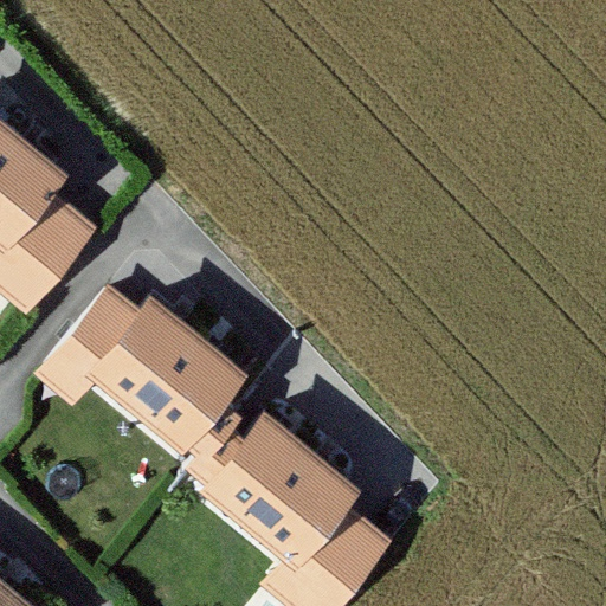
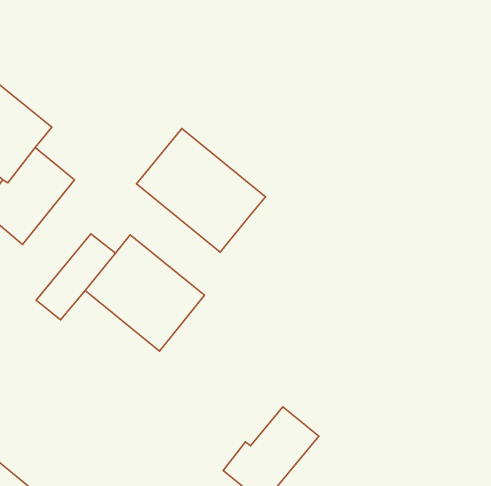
building: none -> [136,129,266,252]
building: [215,418,357,556] -> none

